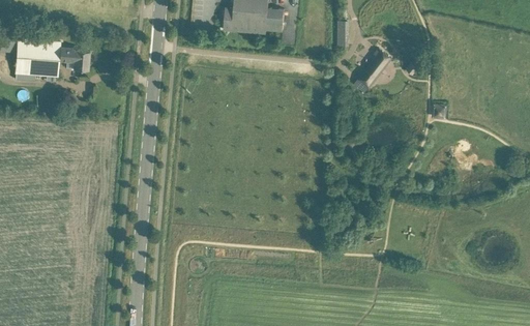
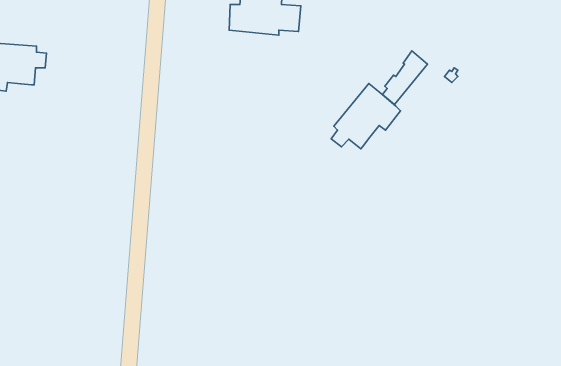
building: [66,50,90,70] -> none
building: none -> [331,83,400,149]

